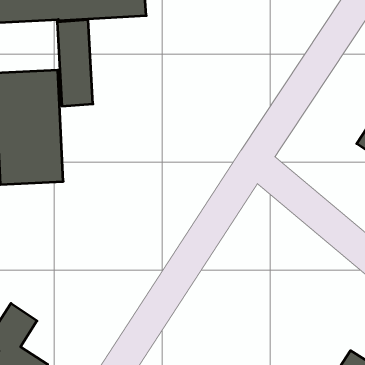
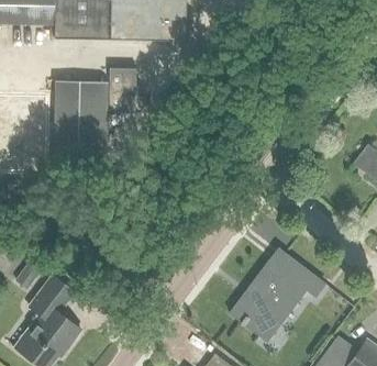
building: none -> [230,262,324,336]

